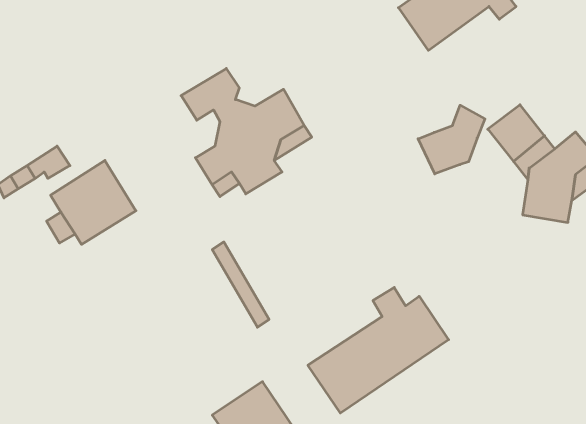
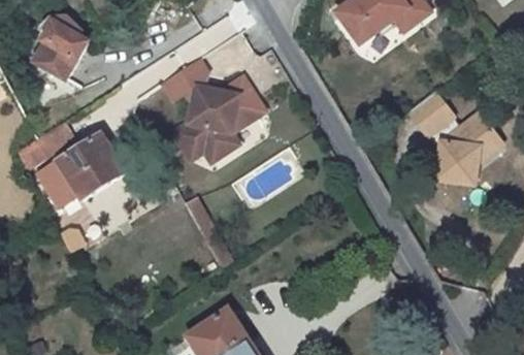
building: none -> [36,19,89,76]
building: [418,105,485,174] -> none
building: [308,287,449,413] -> none

